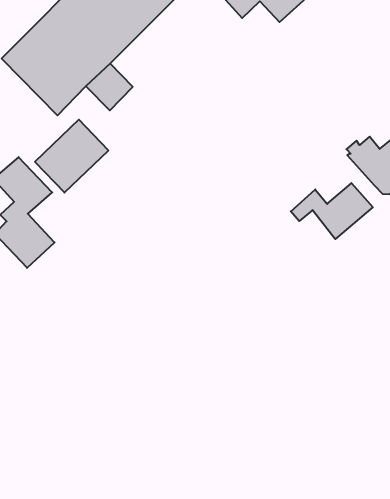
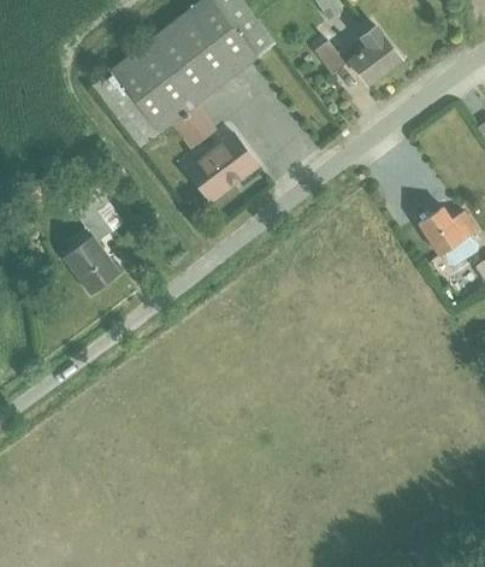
building: [35,120,108,193] -> [185,131,259,201]
building: [291,183,373,239] -> none

